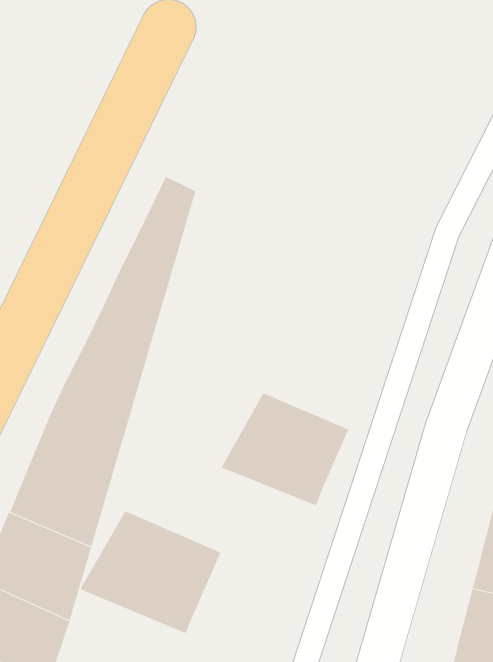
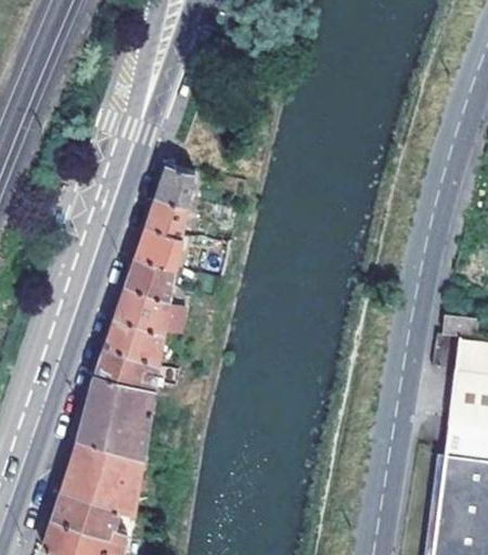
building: [221,393,349,506] -> none
building: [79,511,221,634] -> none

